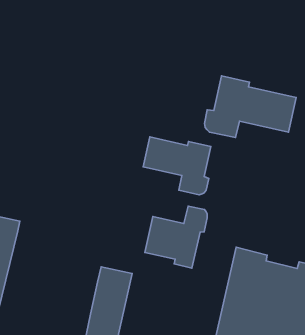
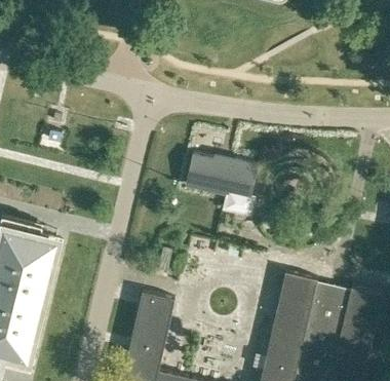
building: [204,76,296,138] -> none
building: [145,206,207,268] -> none

